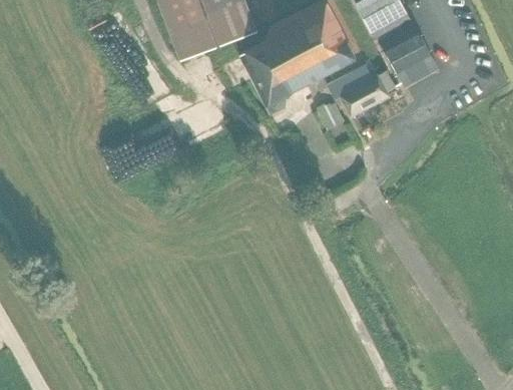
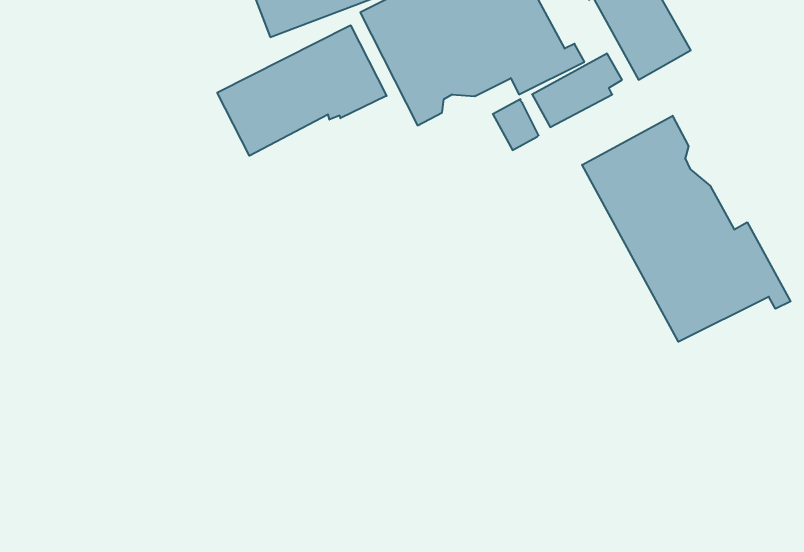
building: none -> [217,25,387,156]
building: none -> [582,116,791,342]

